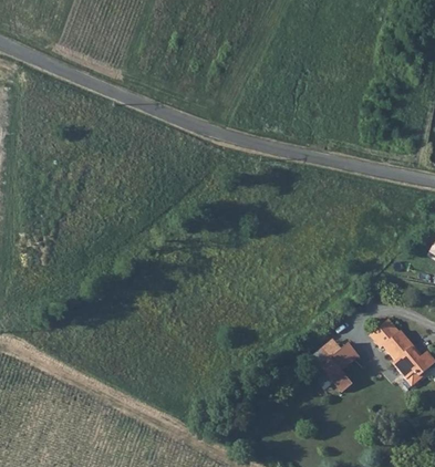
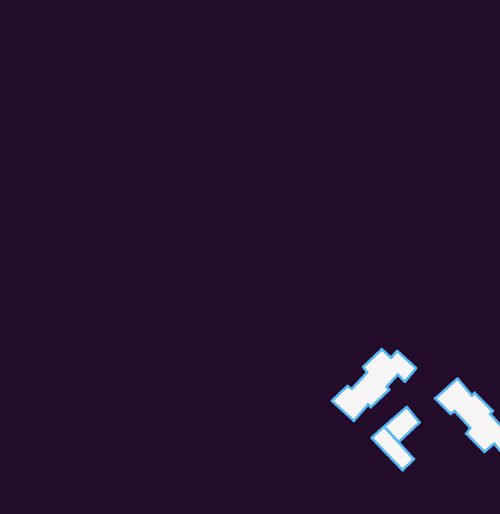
building: none -> [332,349,416,421]

